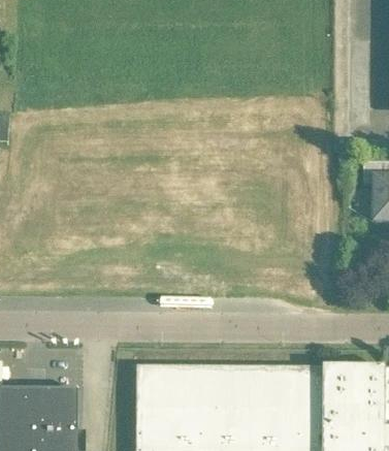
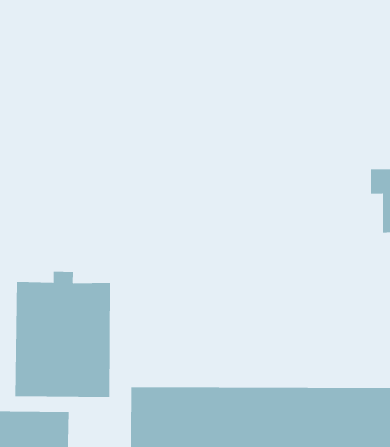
building: none -> [15,271,111,398]

